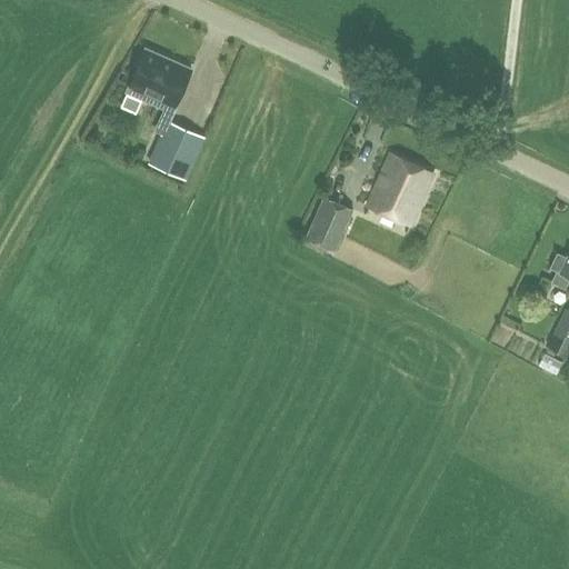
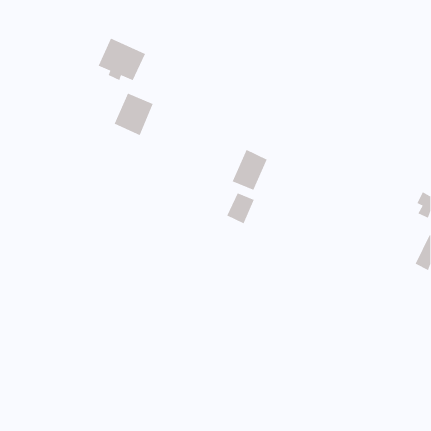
building: [367,153,433,226] -> none
building: none -> [227,192,255,224]

